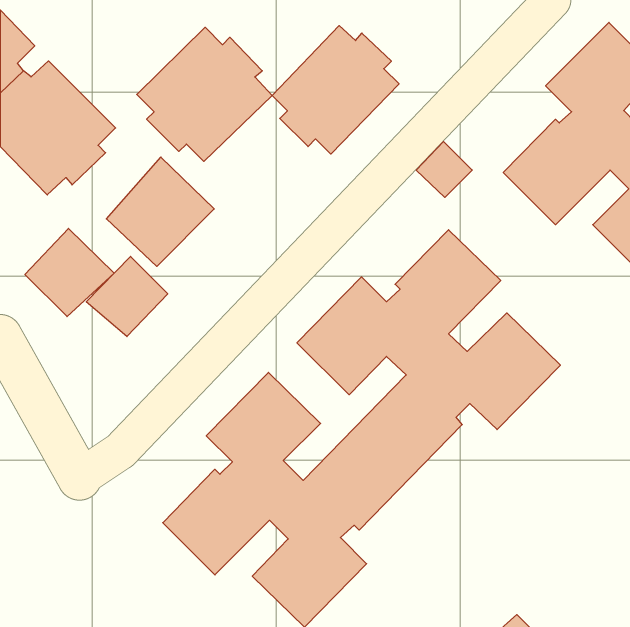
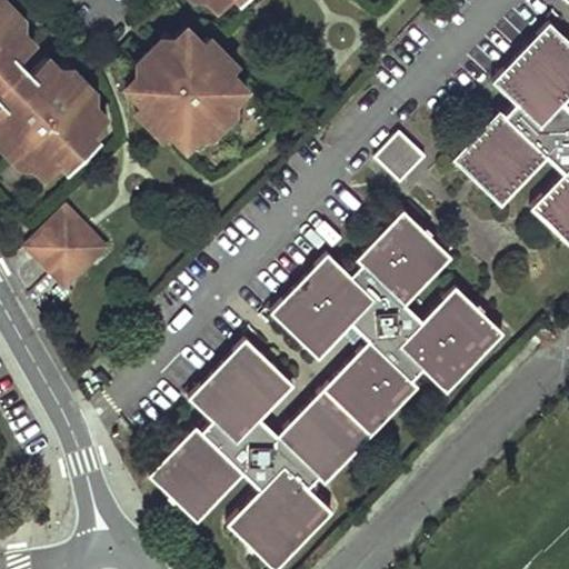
building: [272,26,399,154] -> none
building: [106,157,214,266] -> none
building: [86,256,168,337] -> none

